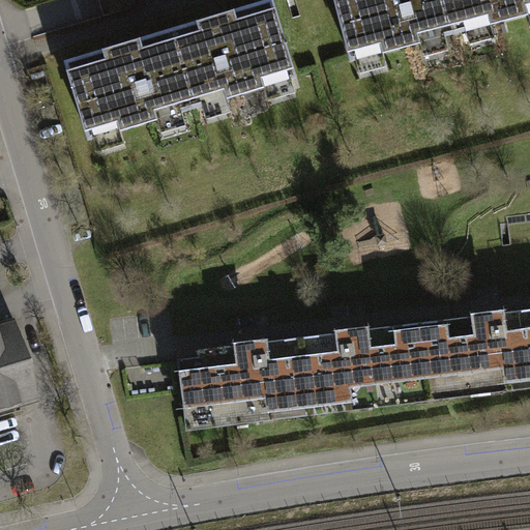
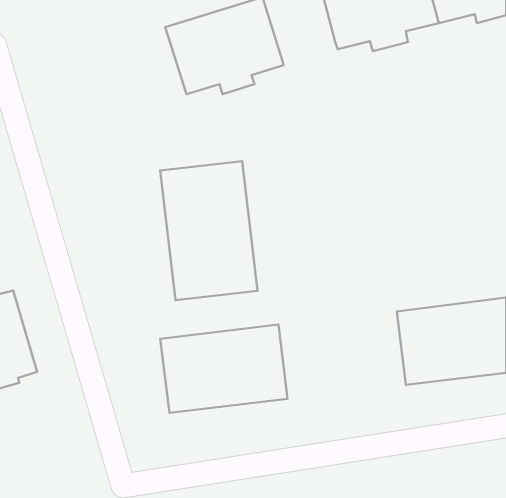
building: [67,28,193,130] -> none
building: none -> [160,161,258,300]
building: [288,322,419,412] -> none

